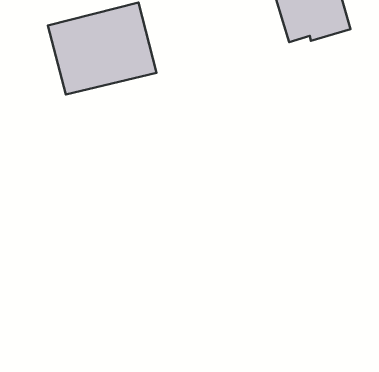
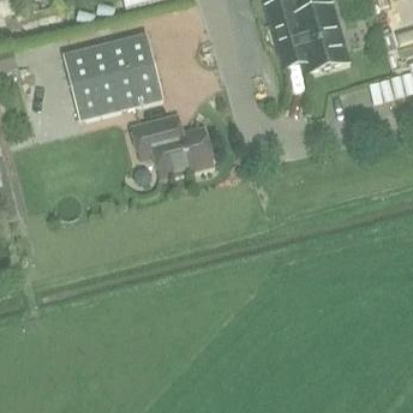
building: none -> [132,114,211,176]

